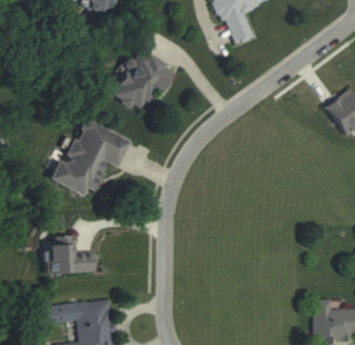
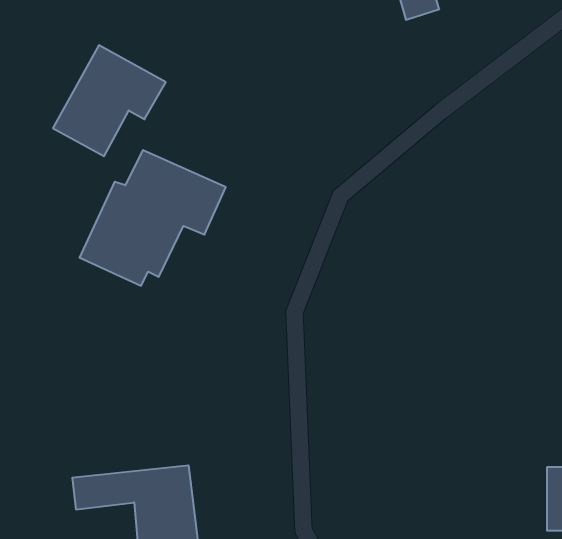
building: [110,48,174,112] -> [53,45,166,156]
building: [43,243,93,275] -> none

